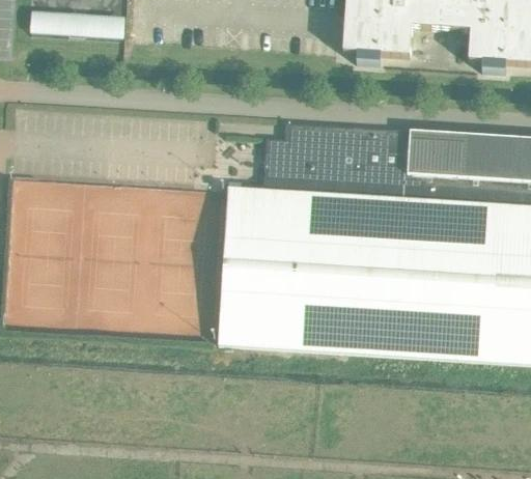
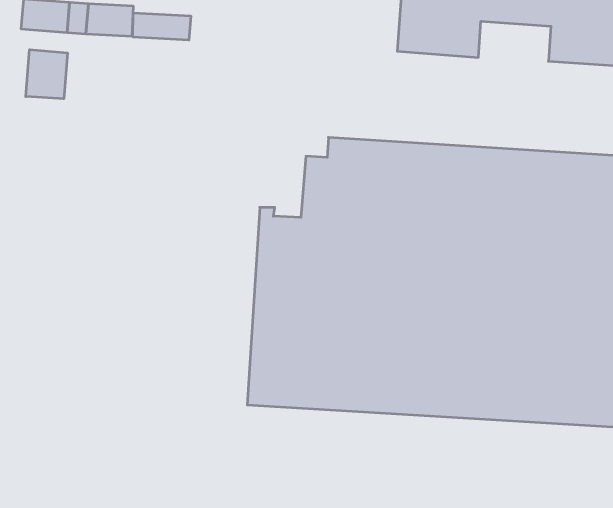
building: none -> [133,13,191,40]
building: none -> [26,50,67,99]

